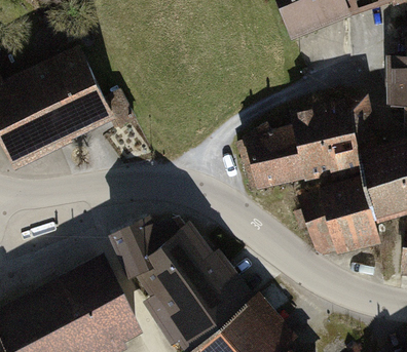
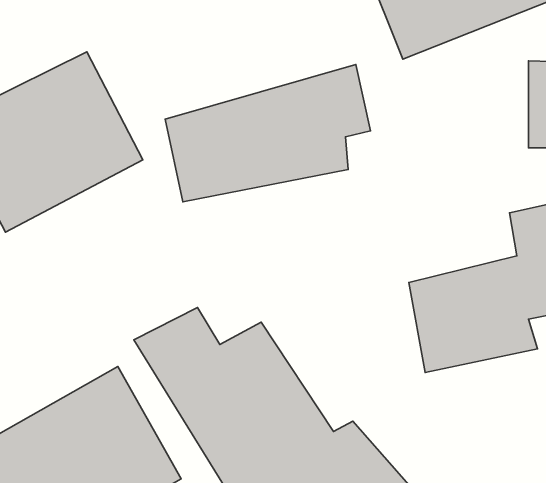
building: [237,99,380,194] -> [165,64,370,202]

